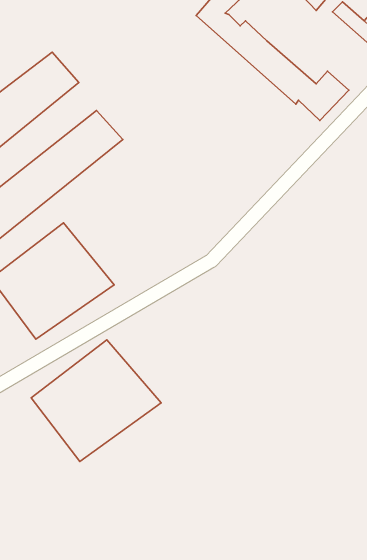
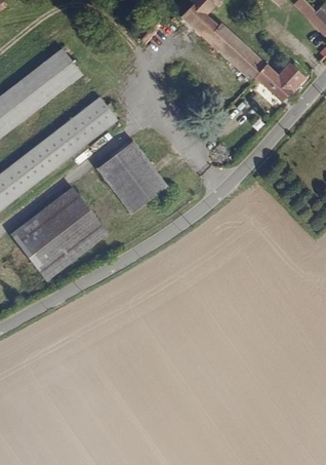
building: none -> [99,138,168,209]
building: [31,340,161,462] -> none

